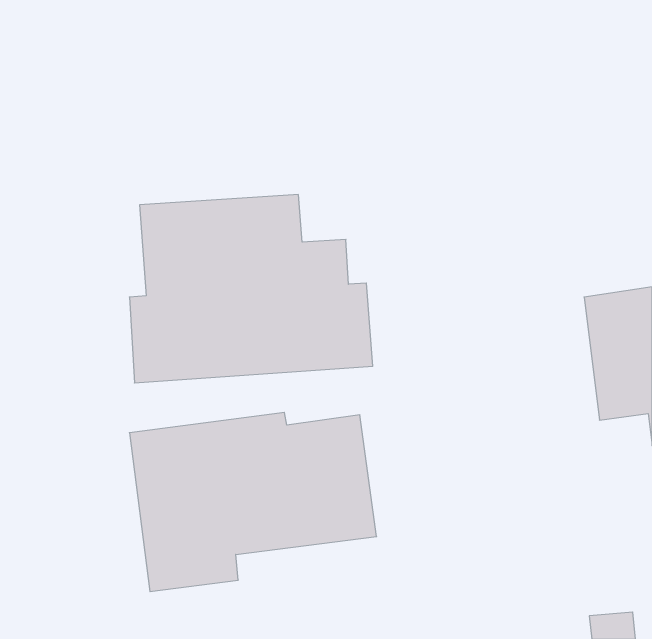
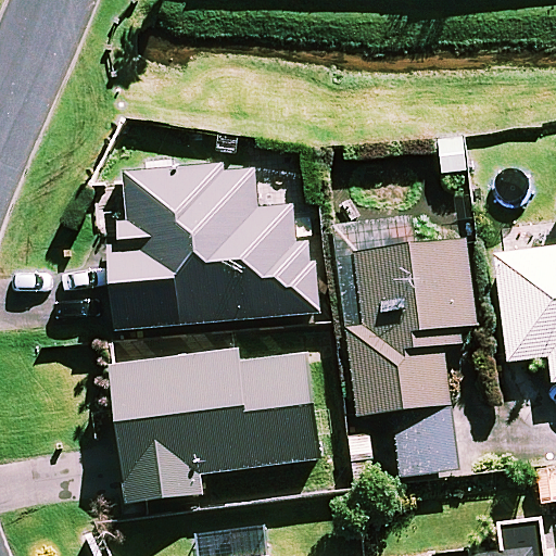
building: none -> [346,239,476,472]

